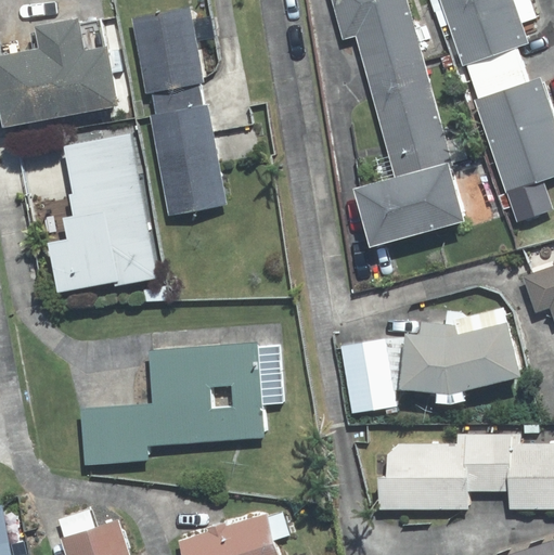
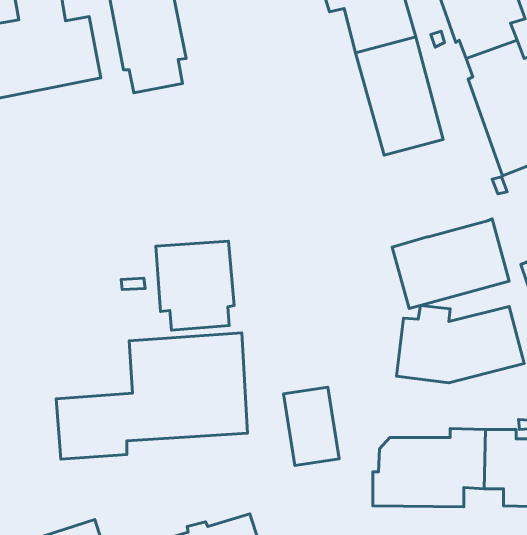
building: [150,106,226,216] -> none
building: [52,133,158,292] -> none
building: [359,157,471,243] -> [392,219,509,309]
building: none -> [156,241,234,330]
building: [340,339,394,414] -> [283,387,339,466]

